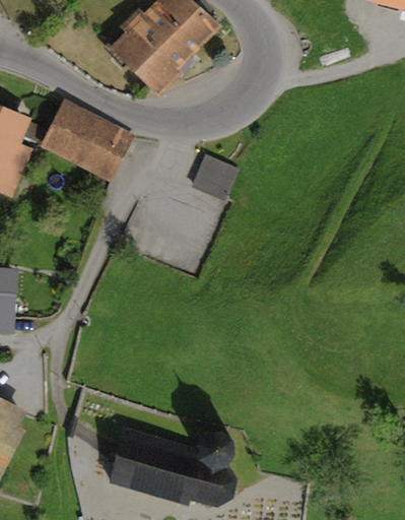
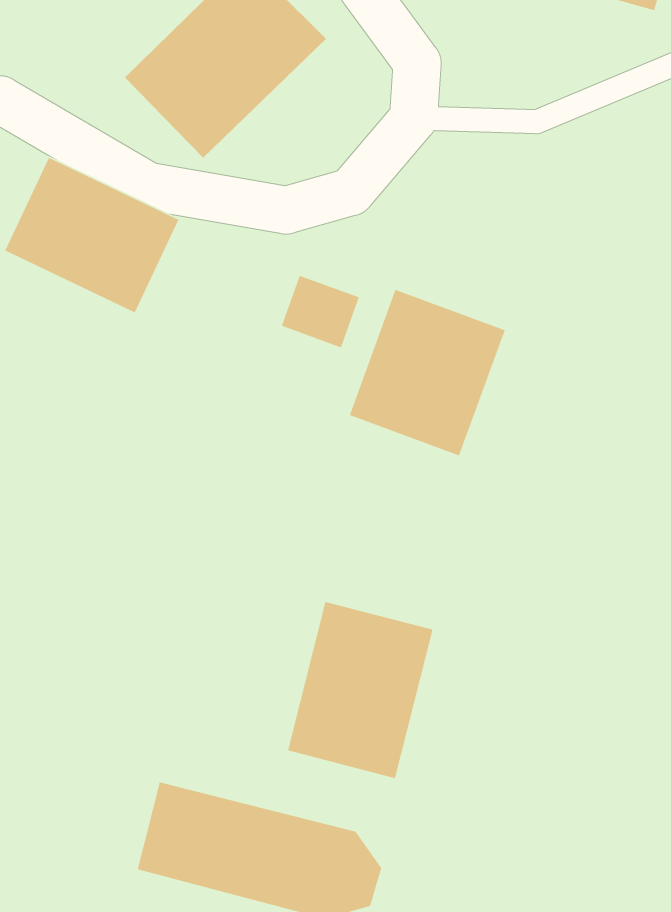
building: none -> [349,289,506,456]
building: none -> [287,601,433,779]

